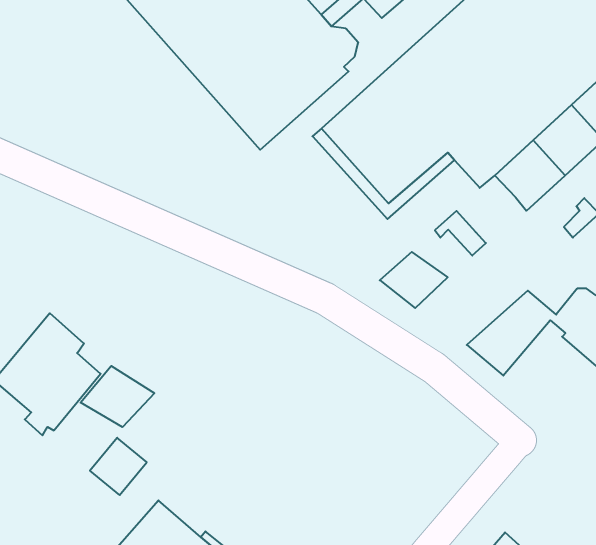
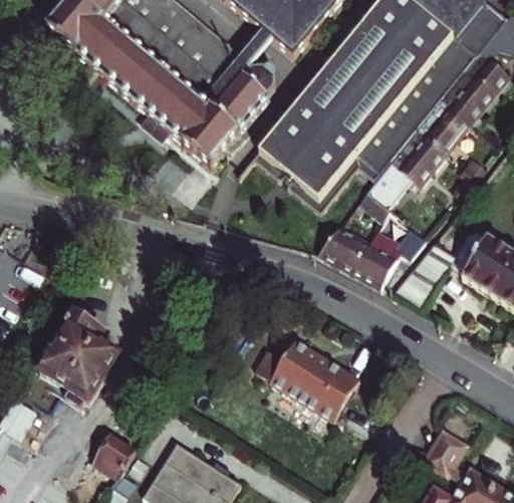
building: none -> [369,160,413,205]
building: none -> [349,225,427,286]
building: [81,366,154,427] -> none
building: none -> [270,340,358,421]
building: [90,438,147,495] -> [94,435,137,478]

